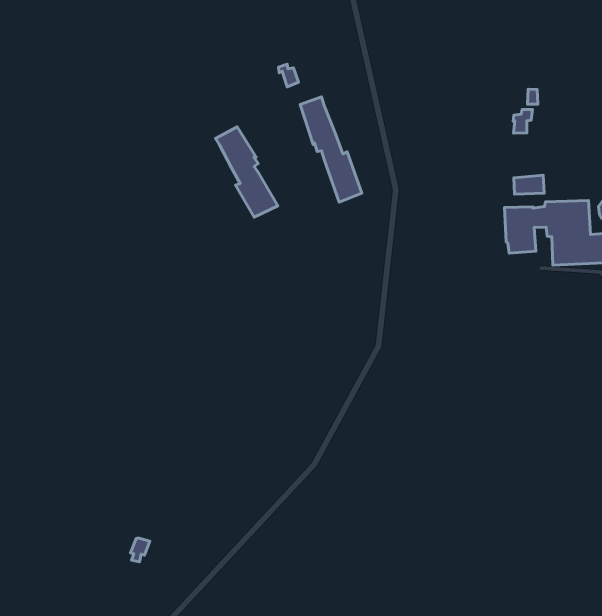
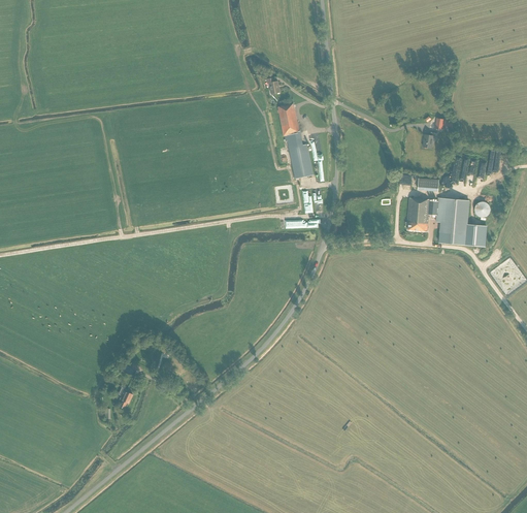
building: [215,127,278,217] -> none

